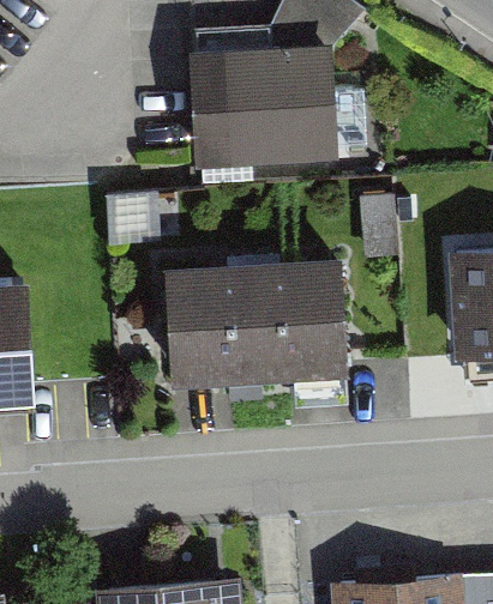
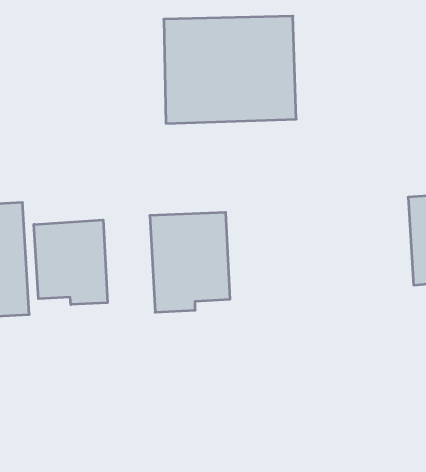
building: [257,273,345,381] -> none
building: none -> [34,220,107,305]

